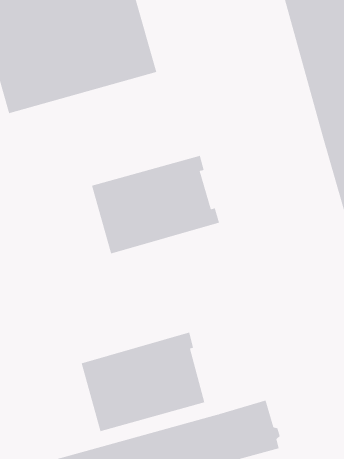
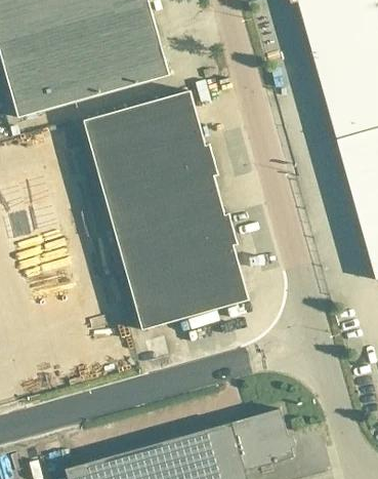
building: none -> [83,90,213,191]
building: [81,332,205,432] -> [122,229,248,330]

